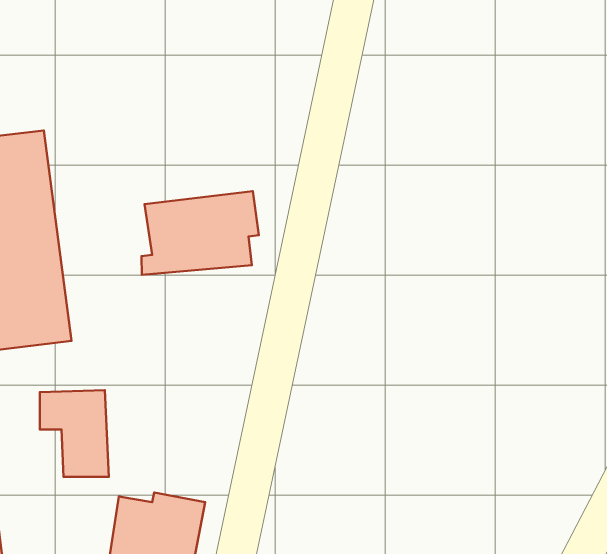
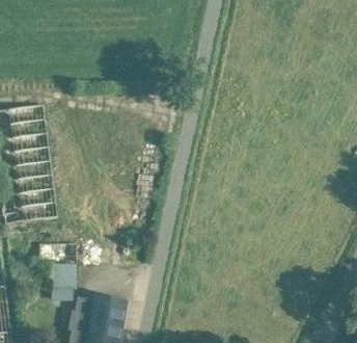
building: [142,191,259,275] -> none

